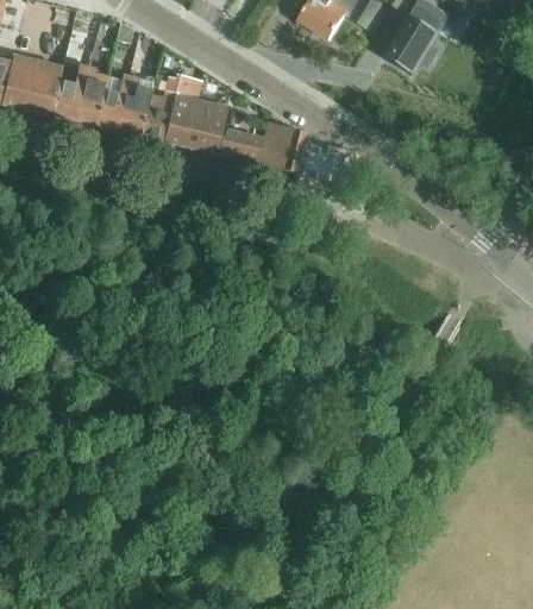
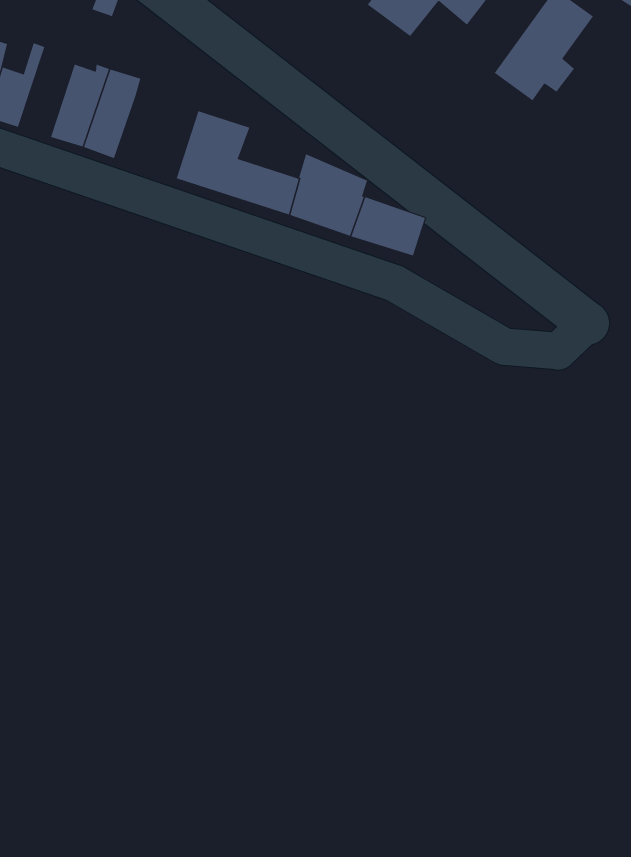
building: [75,64,108,124] -> none
building: [140,73,202,144] -> none

